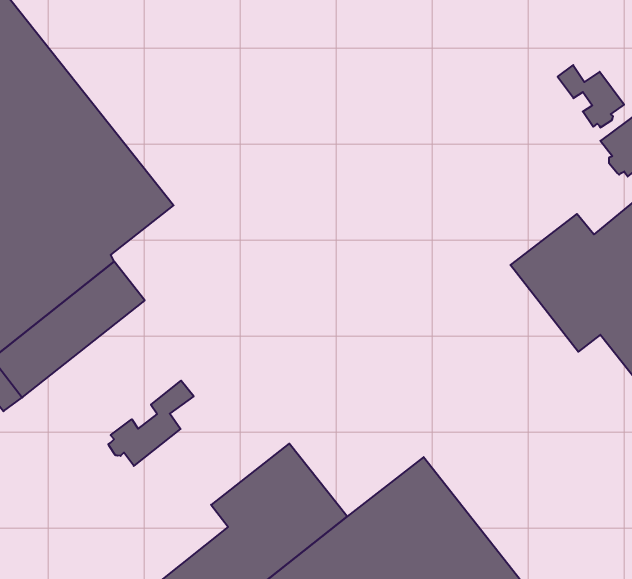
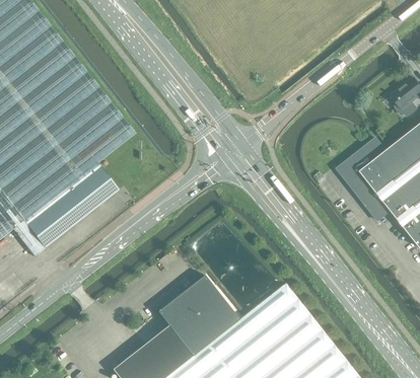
building: [558,65,624,128] -> none
building: [108,381,194,466] -> none

